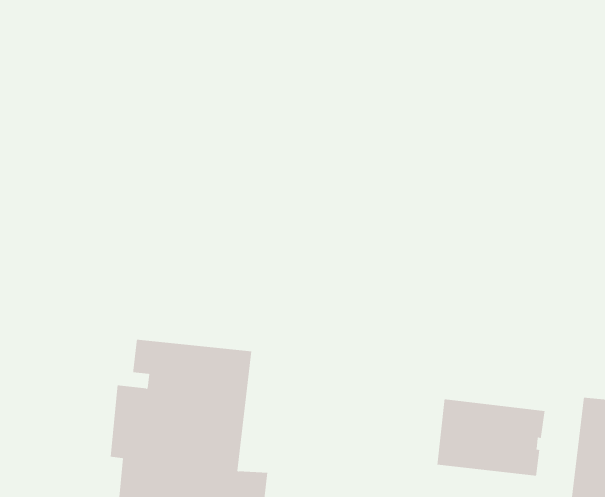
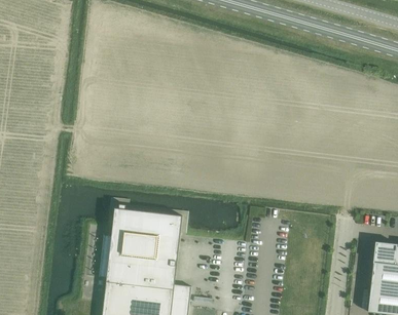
building: [437,399,545,477] -> none

